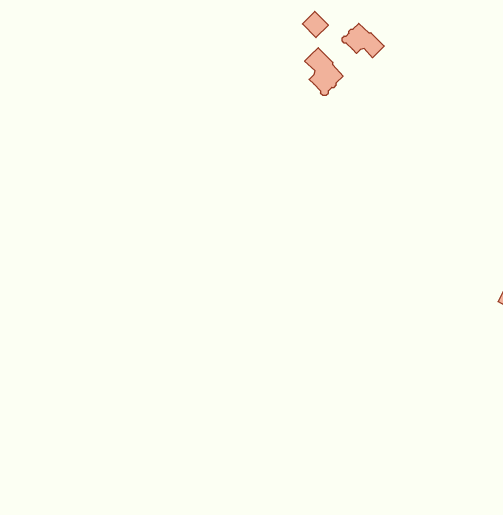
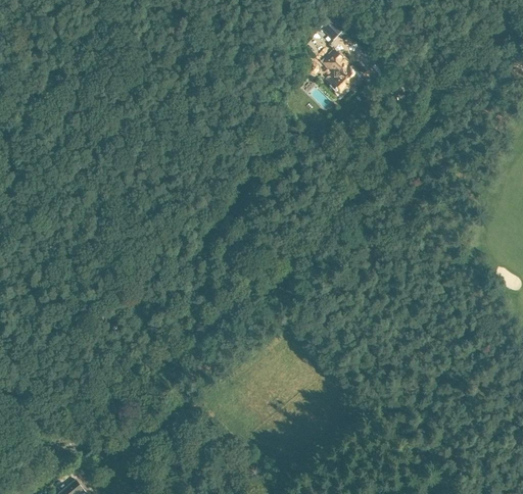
building: [342,23,384,58] -> none

